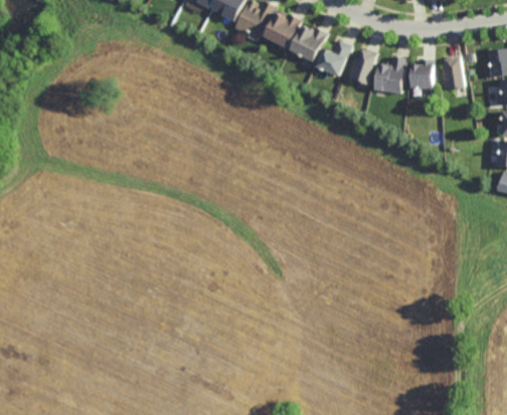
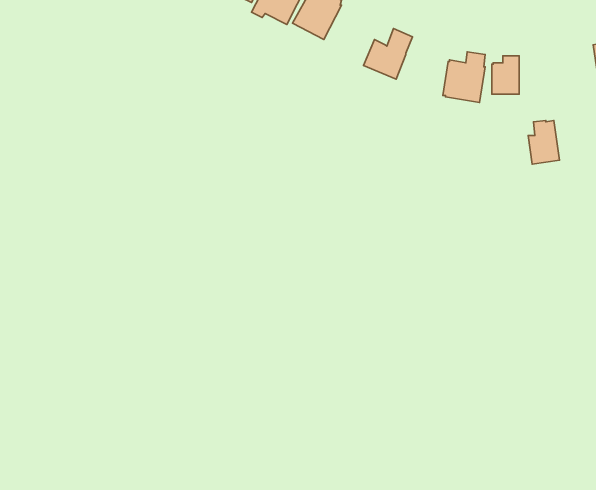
building: [290,24,328,61] -> none
building: [347,49,376,84] -> none
building: [439,57,462,89] -> [528,120,559,164]

